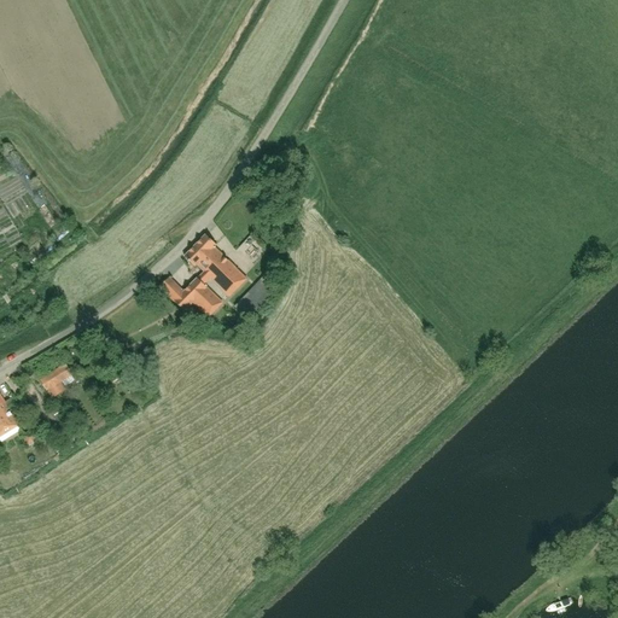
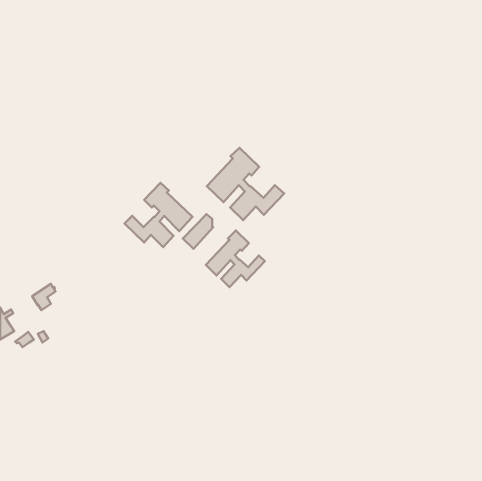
building: none -> [207,148,284,220]
building: none -> [206,231,265,287]

